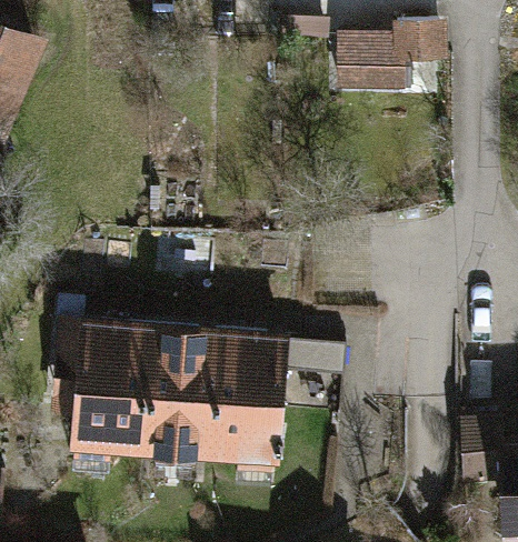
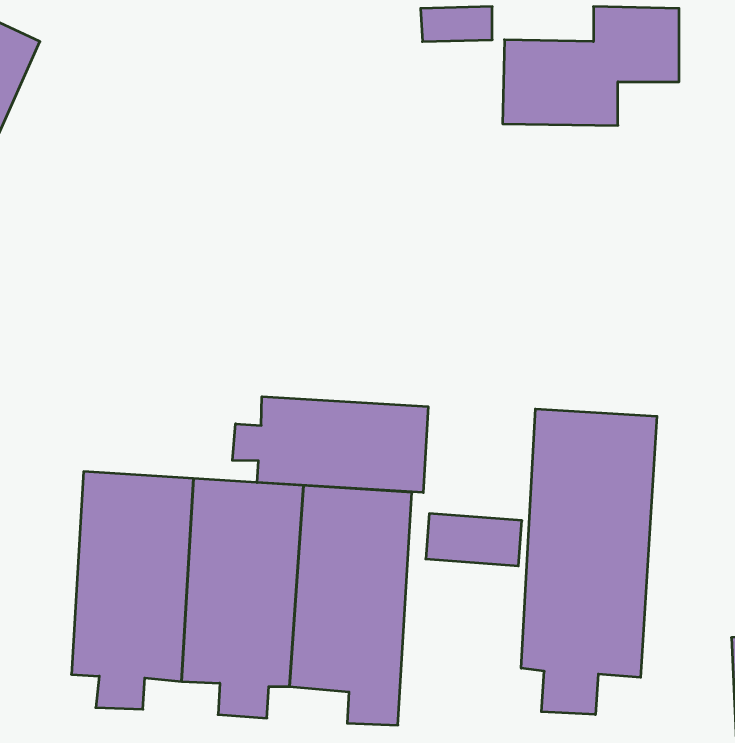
building: none -> [232,397,428,493]
building: none -> [521,409,657,715]

